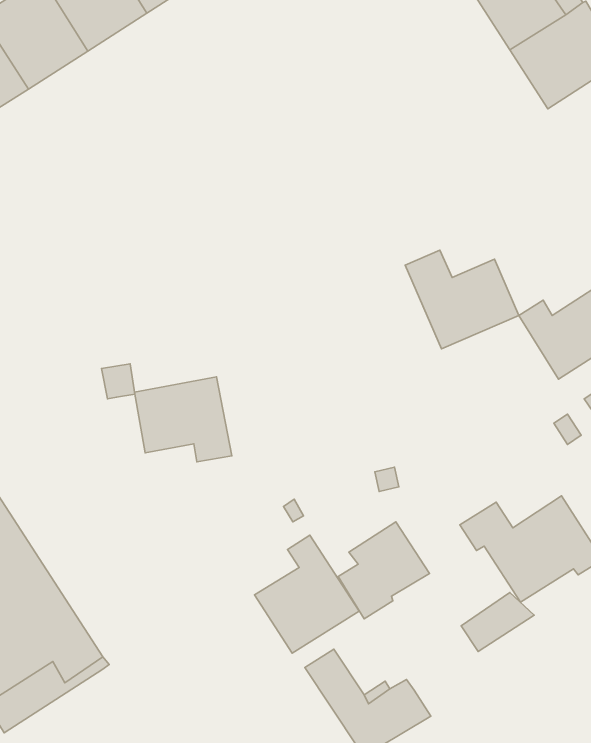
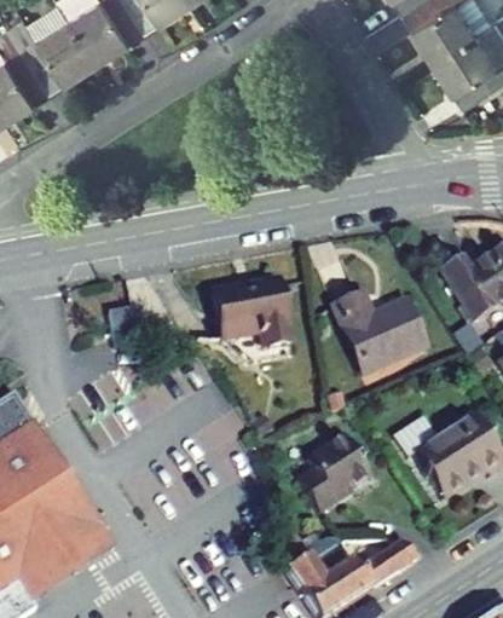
building: [405,250,519,349] -> [334,293,424,371]
building: [135,377,232,462] -> [214,277,291,345]
building: [255,535,359,653] -> none
building: [461,592,534,652] -> [358,539,416,587]

